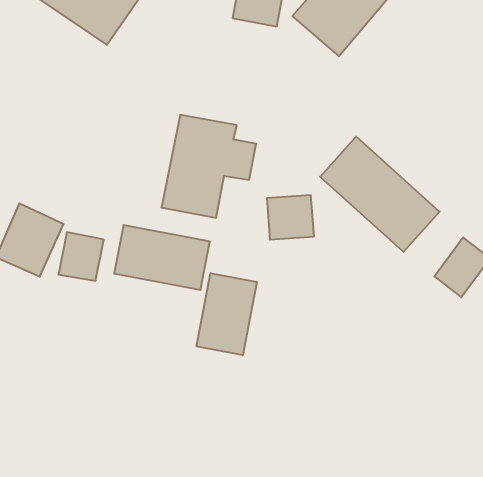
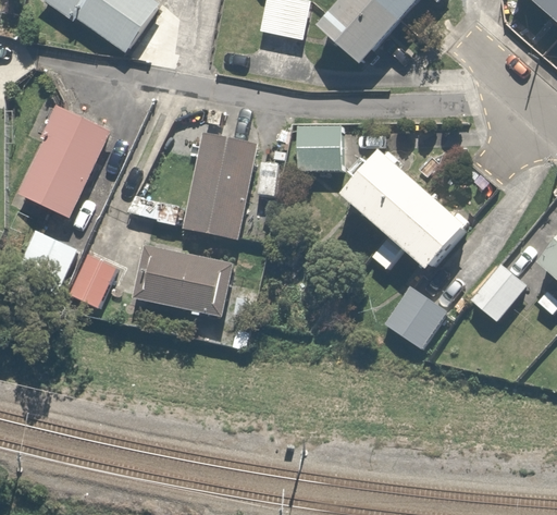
building: none -> [15,98,115,219]
building: [267,195,314,240] -> [292,124,342,171]
building: none -> [382,283,445,346]
building: [197,273,257,355] -> none

